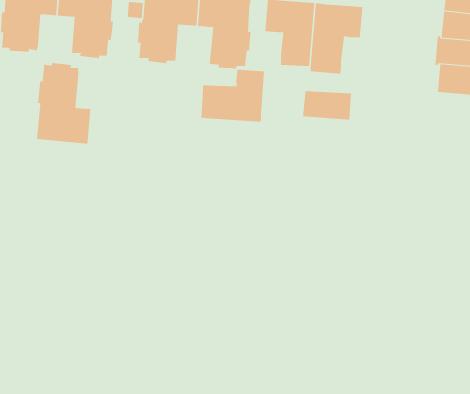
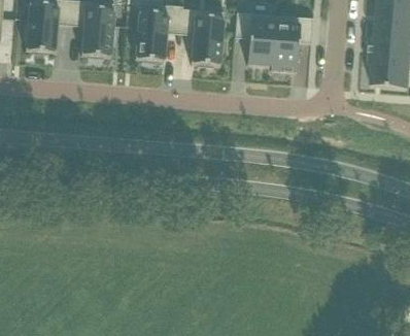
building: [37,62,91,144] -> none
building: [201,69,265,122] -> none
building: [302,91,351,121] -> none

